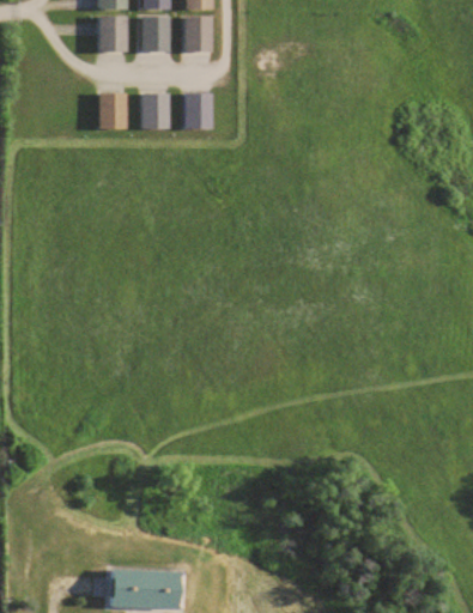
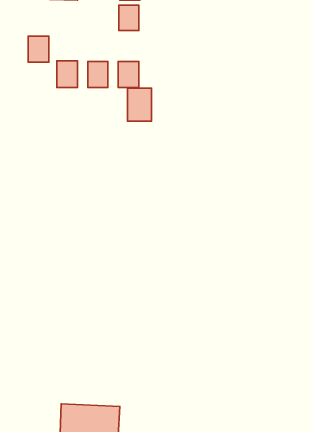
building: [98,17,127,53] -> [28,36,49,62]
building: [141,17,170,51] -> none
building: none -> [128,88,152,121]

